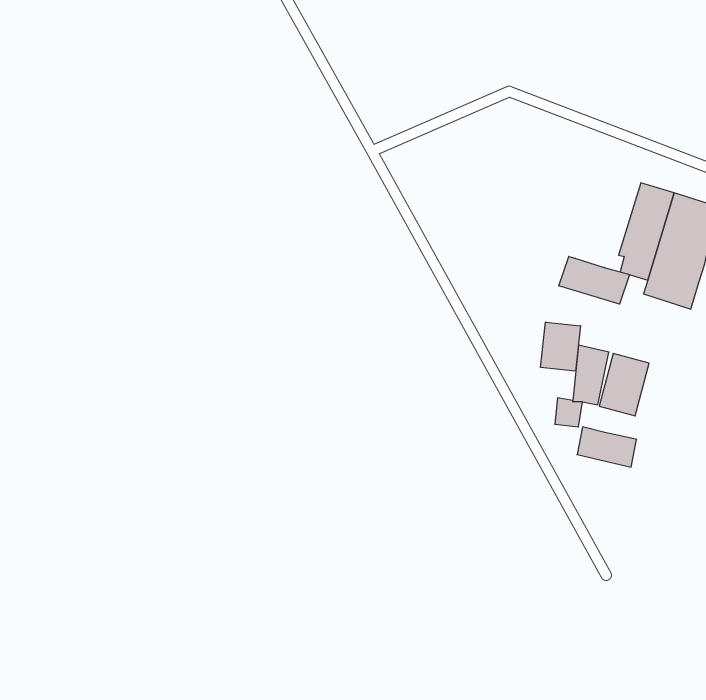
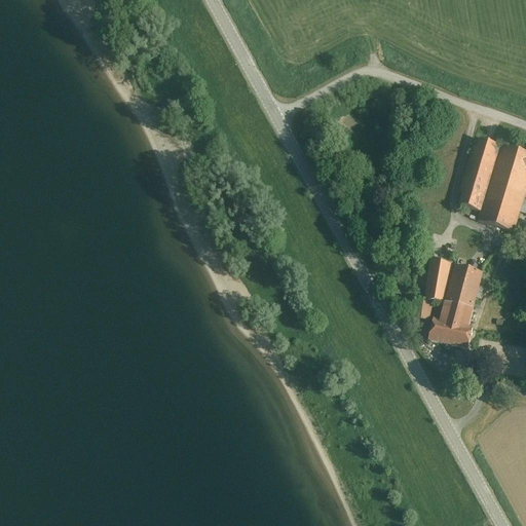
building: [559,256,629,304] -> none
building: [541,322,581,371] -> none
building: none -> [444,301,473,325]

